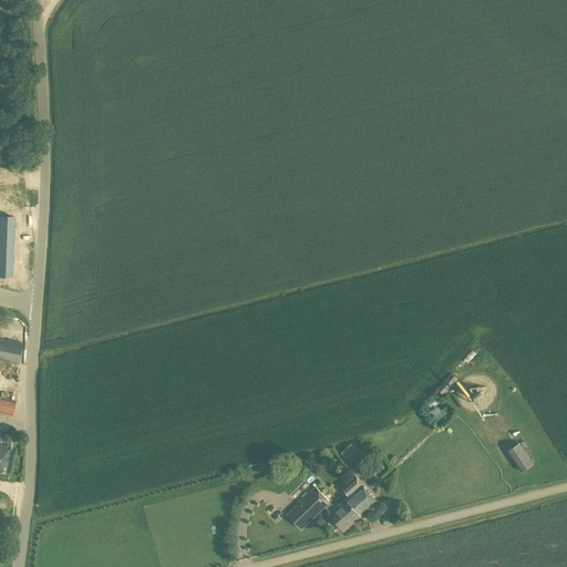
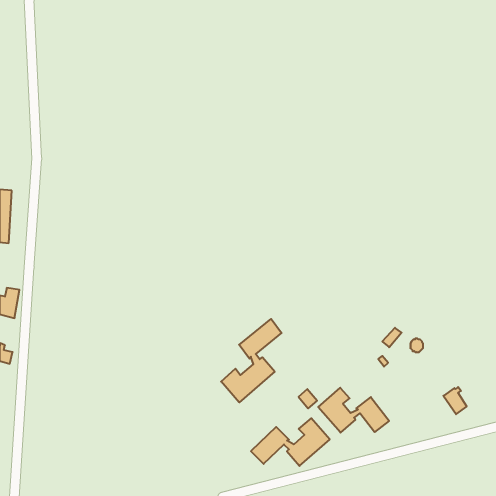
building: none -> [221,319,282,402]
building: none -> [318,388,389,433]

